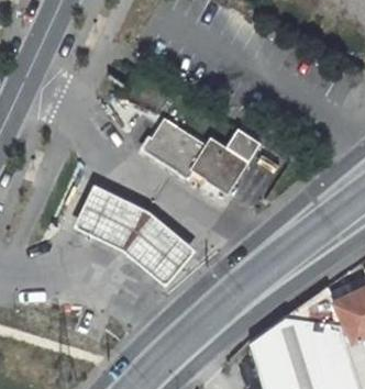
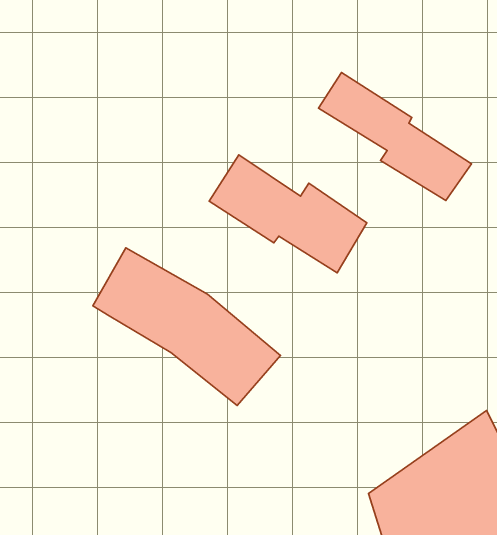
building: none -> [319,73,471,200]

